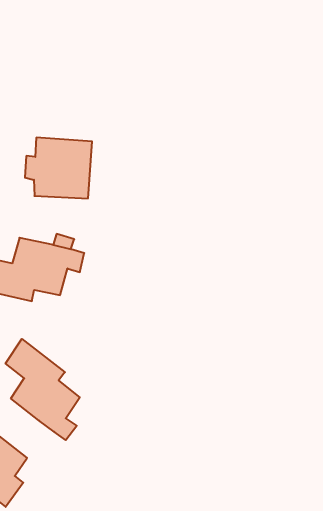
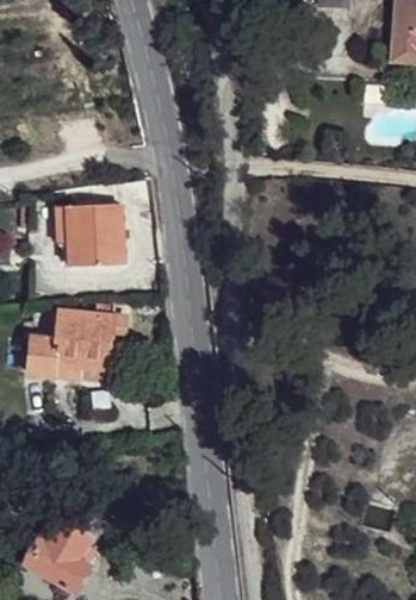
building: [6,339,80,440] -> none

